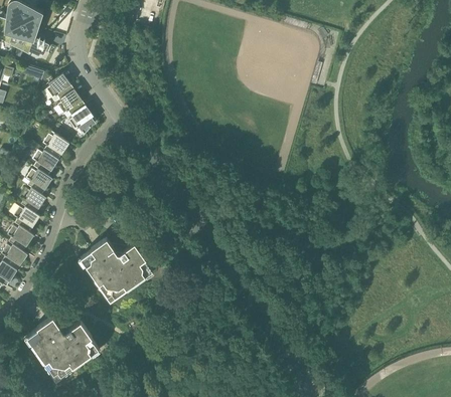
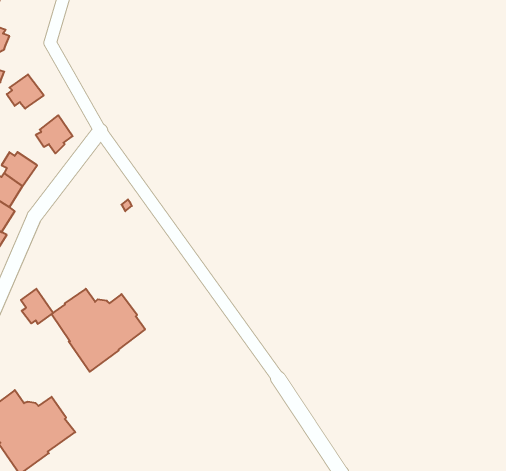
building: [57,90,86,117] -> none
building: none -> [21,289,53,324]

